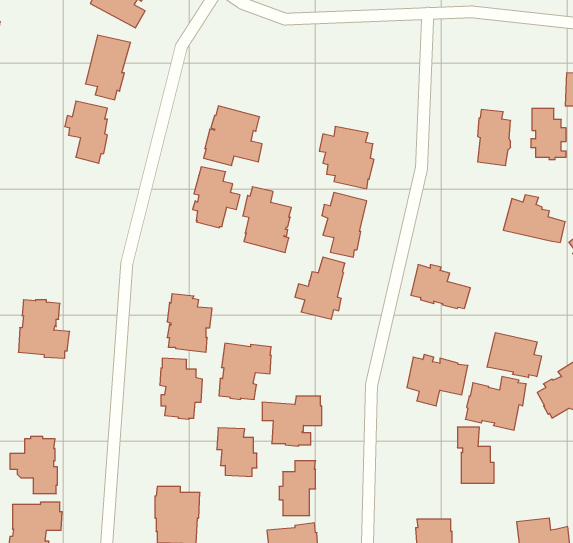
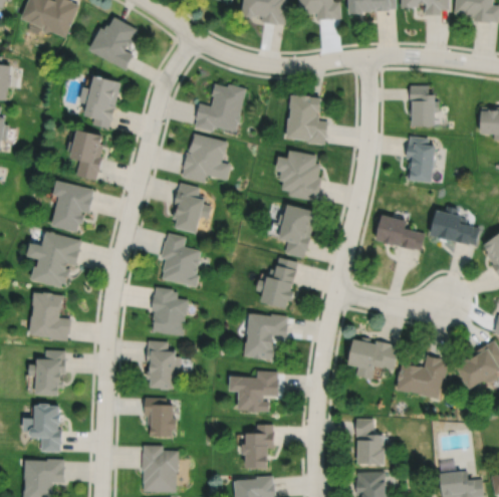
building: none -> [194,82,245,131]
building: none -> [286,93,329,144]
building: [531,108,566,160] -> [409,84,438,127]
building: none -> [50,180,92,232]
building: [243,187,291,253] -> [160,233,200,287]
building: none -> [25,231,80,287]
building: [411,265,470,308] -> [376,214,425,250]
building: [487,333,541,378] -> none
building: [219,343,271,399] -> [244,313,287,359]
building: none -> [27,350,64,396]
building: [457,427,494,483] -> [355,420,386,466]
building: [217,428,257,476] -> [143,398,176,438]

